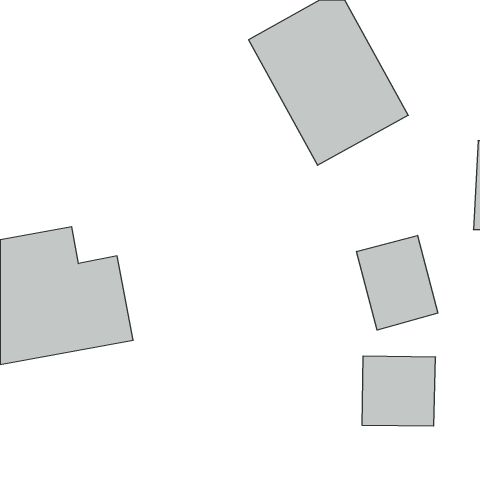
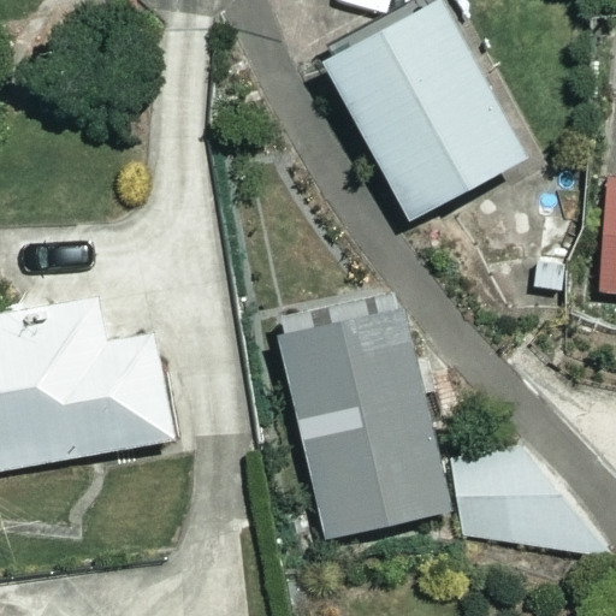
building: none -> [274,295,449,541]
building: [357,235,438,330] -> none

